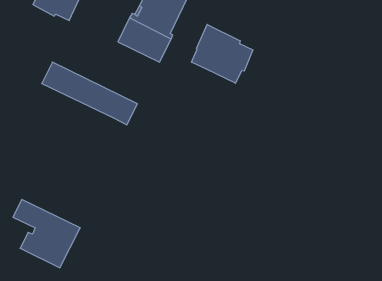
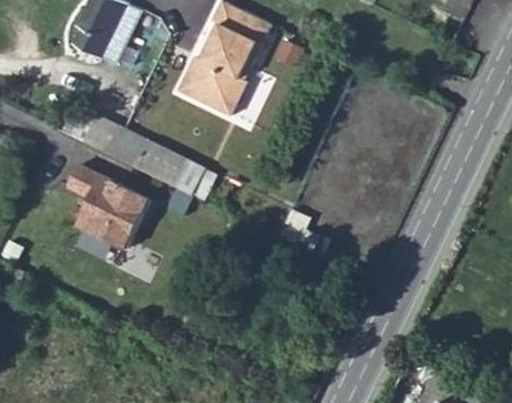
building: [192,24,253,83] -> none
building: [13,200,80,268] -> [65,165,150,250]

